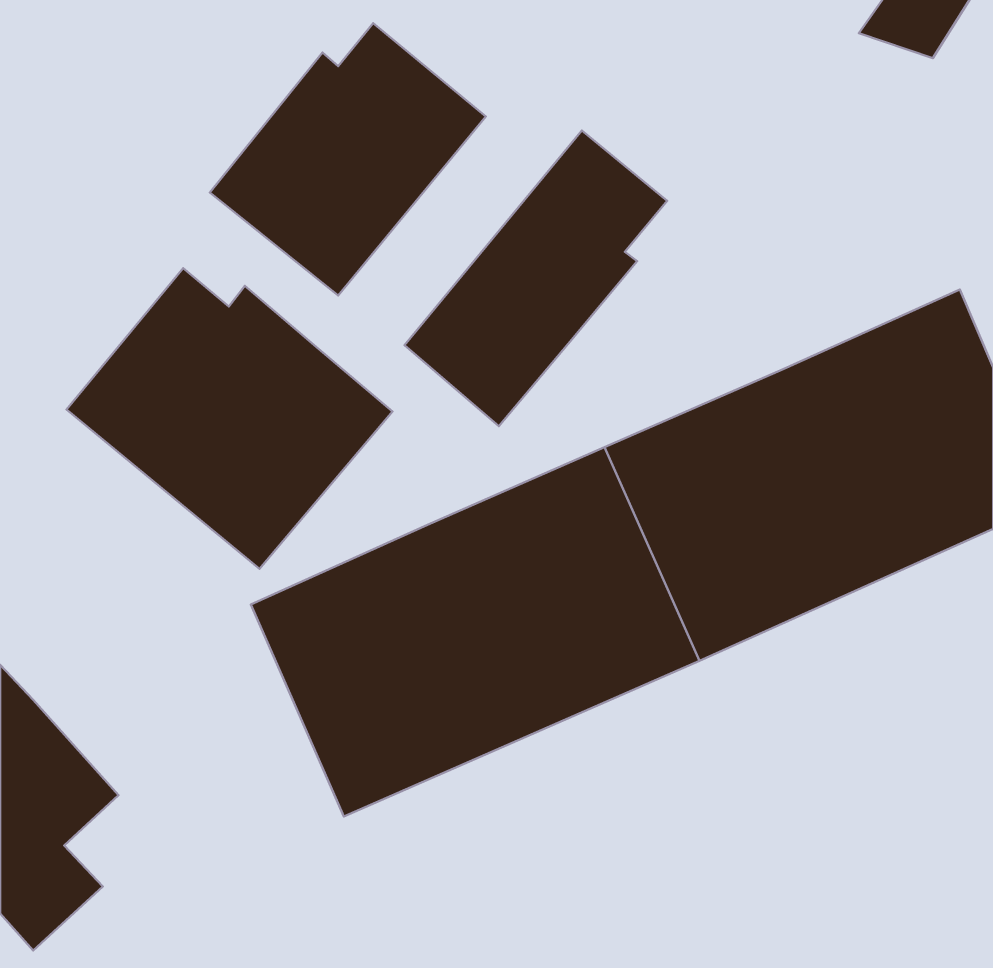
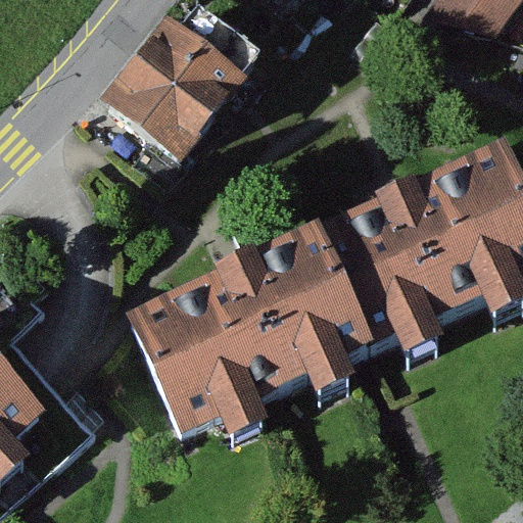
building: [405,130,667,426] -> none
building: [67,268,392,569] -> none

